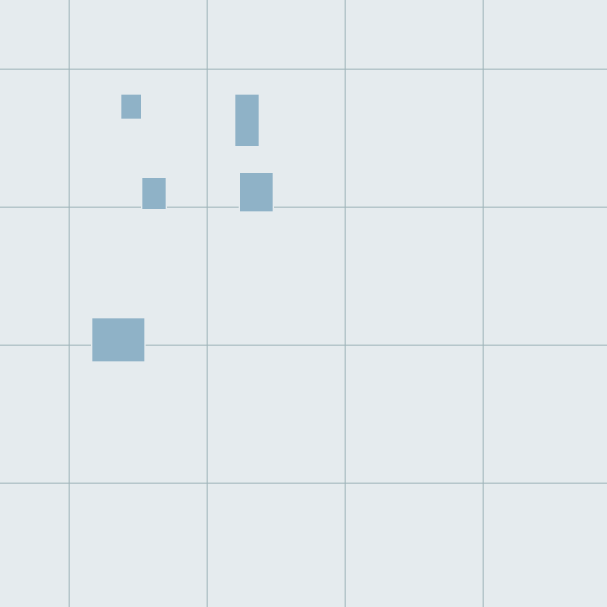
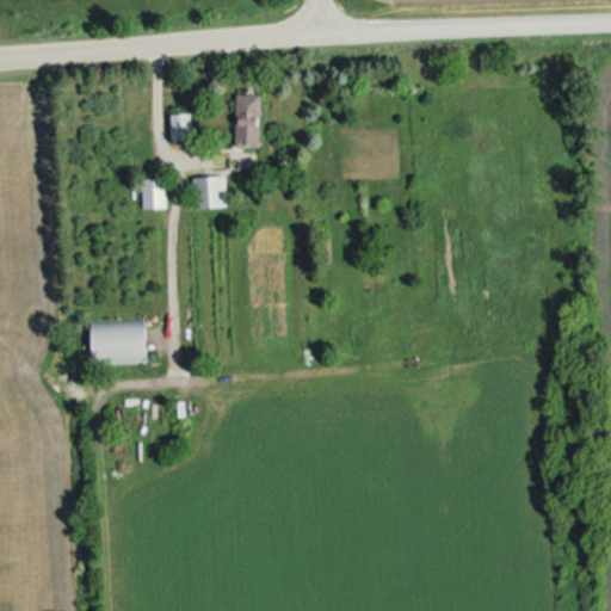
building: [120,94,142,119] -> [169,116,191,141]
building: [239,173,274,212] -> [192,171,227,210]

